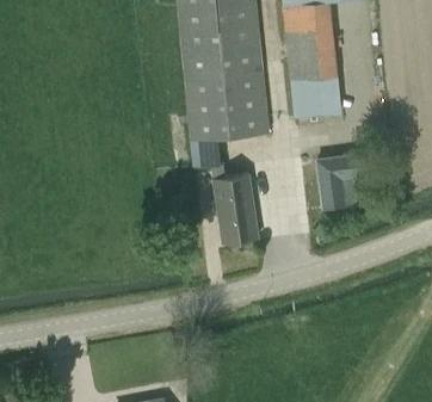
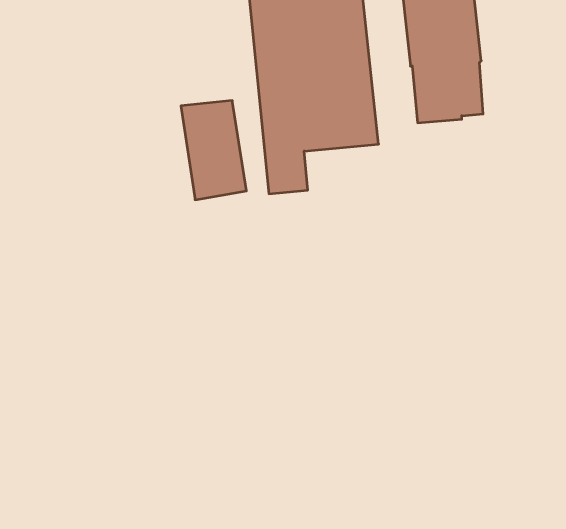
building: [313,153,360,210] -> none
building: [214,177,258,243] -> [181,101,246,200]

